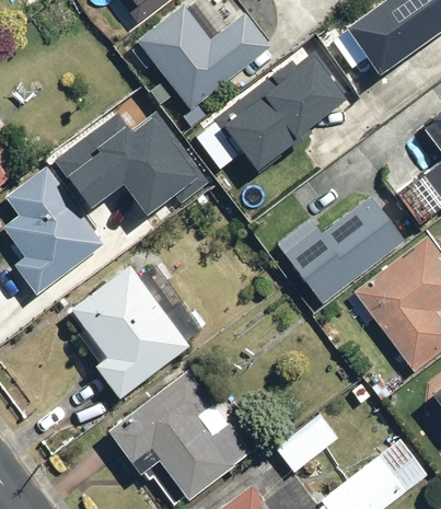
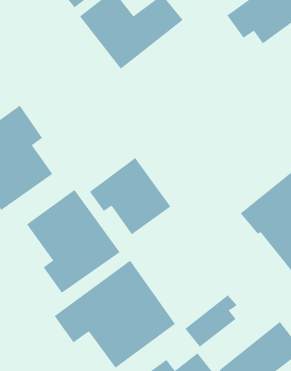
building: [195,47,344,174] -> none
building: [66,101,204,201] -> none
building: [275,196,406,306] -> none
building: none -> [89,157,171,235]

